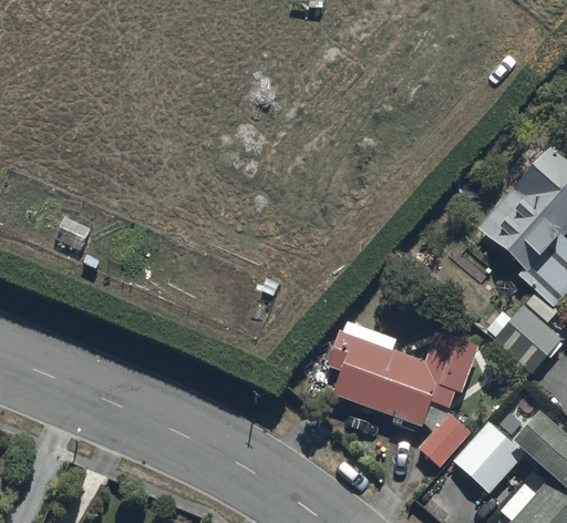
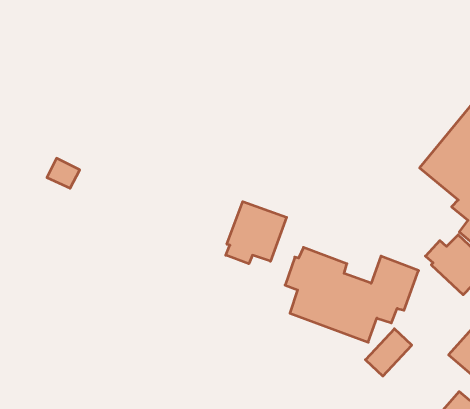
building: none -> [226,202,287,264]
building: [452,420,525,493] -> none

